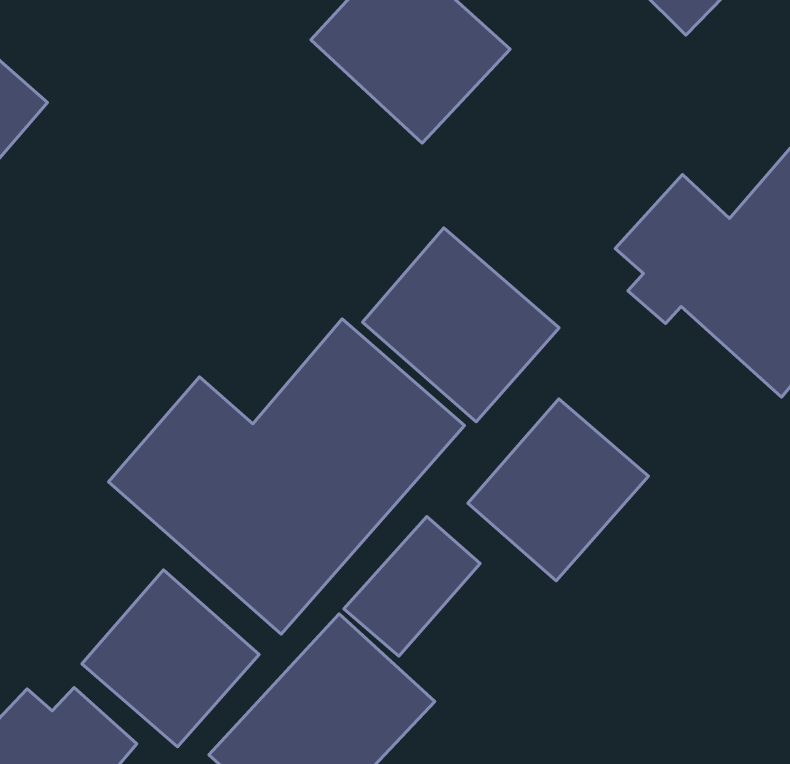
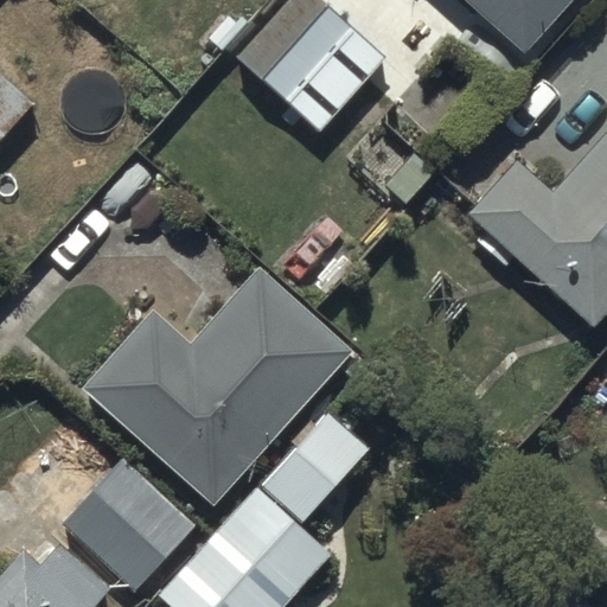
building: [362,228,559,422] -> none
building: [468,399,649,581] -> none

